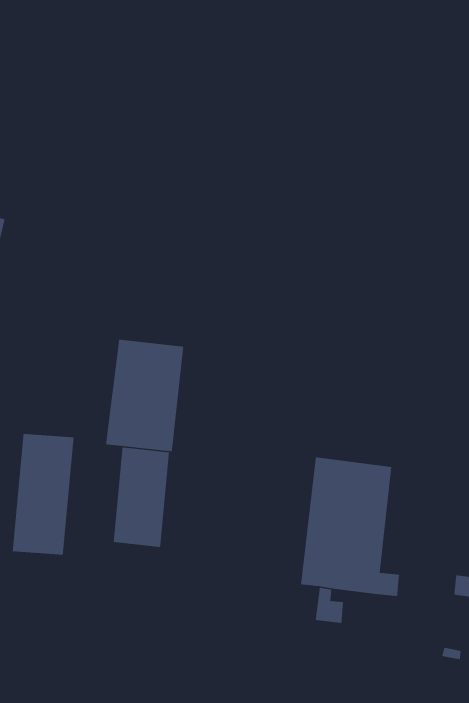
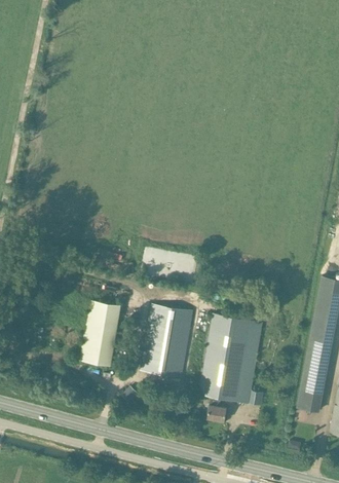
building: [105,339,184,452] -> [139,304,193,379]
building: [12,433,74,556] -> none

